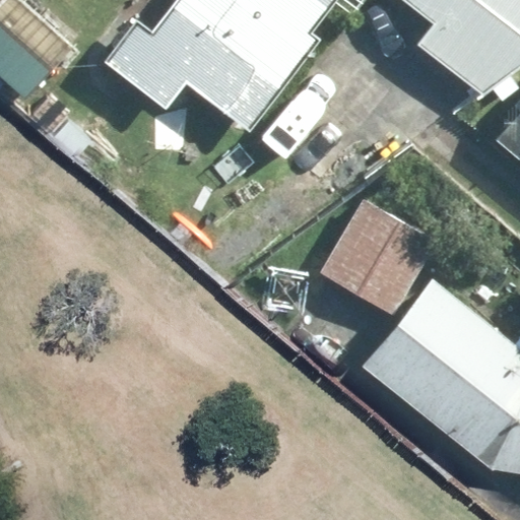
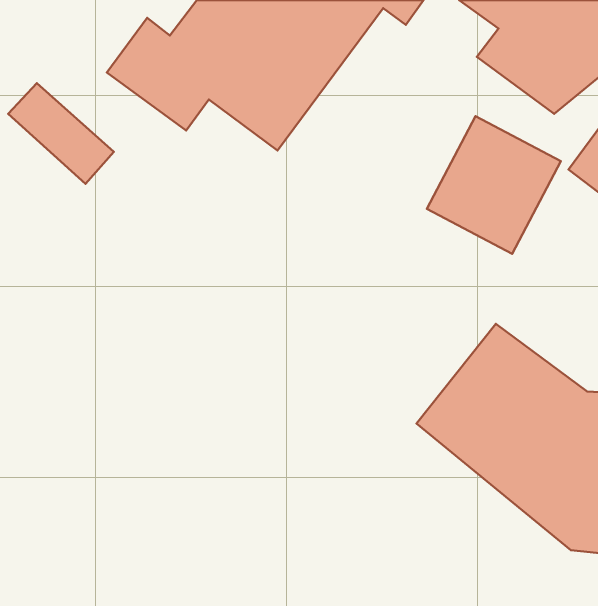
building: [321,199,436,317] -> [427,116,561,254]

